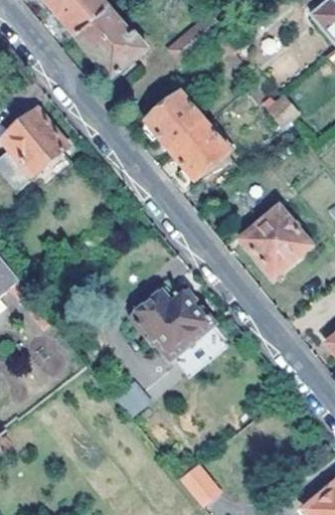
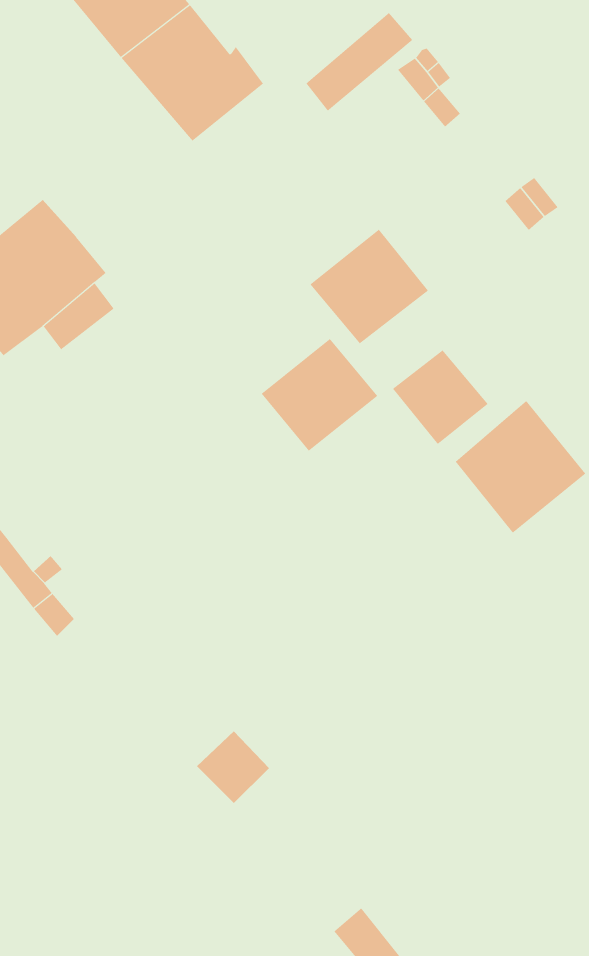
building: [145,92,204,149] -> [261,338,378,452]
building: none -> [392,349,488,445]
building: [129,285,224,375] -> none

